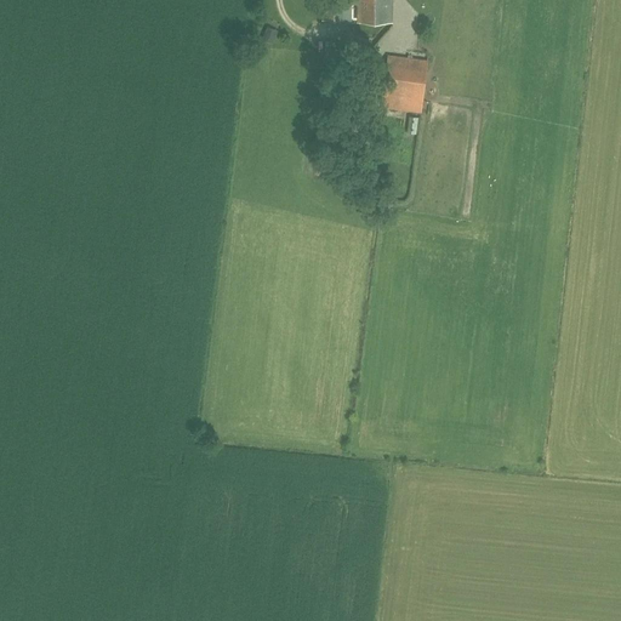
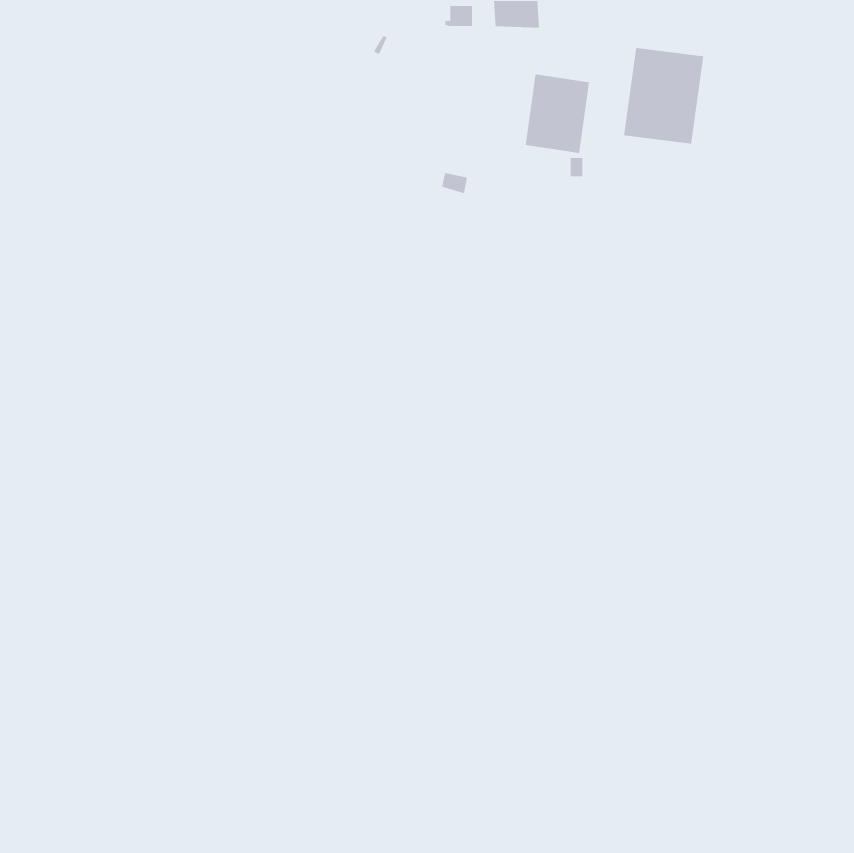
building: none -> [623,47,704,145]

